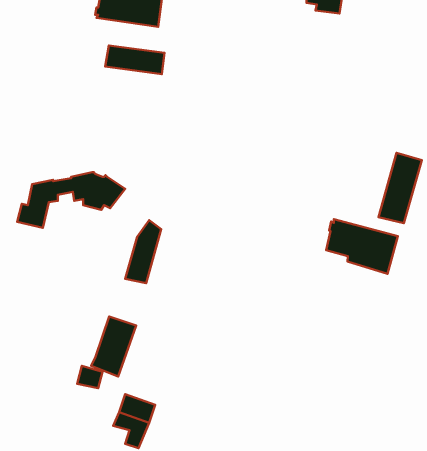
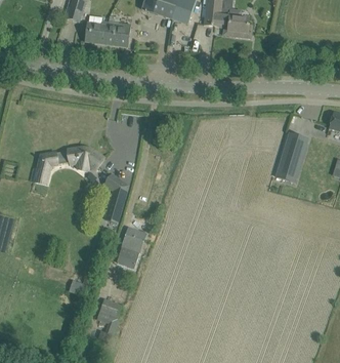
building: [105,45,165,74] -> none
building: [326,219,398,274] -> none
building: [91,316,136,376] -> [115,226,145,267]

